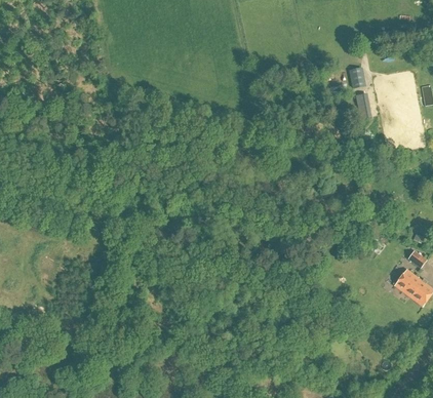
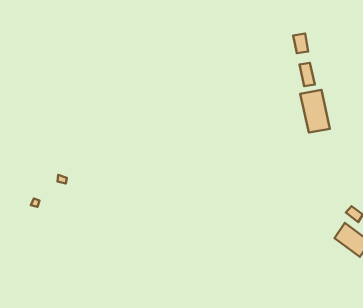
building: none -> [300,90,330,133]

